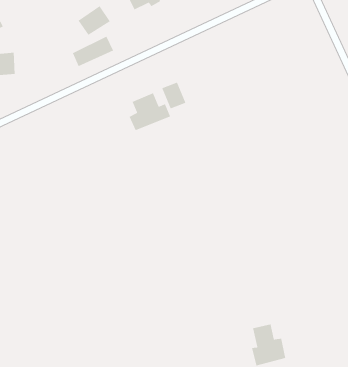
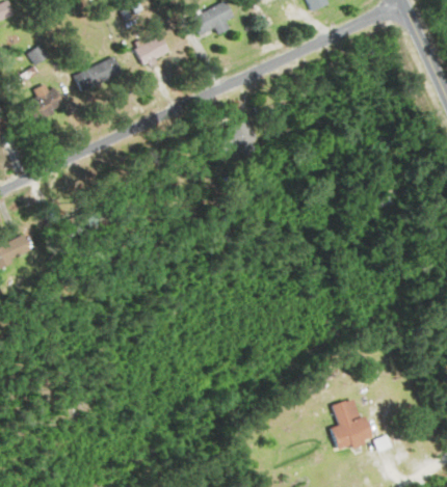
building: [72,36,114,67] -> [73,56,122,92]
building: [128,92,171,131] -> none

